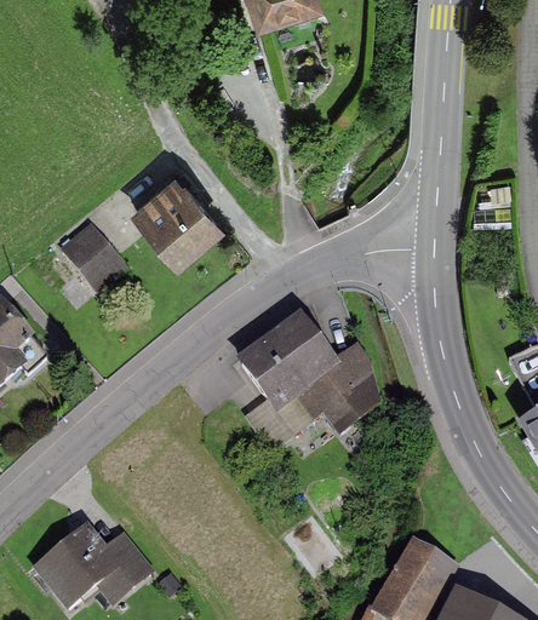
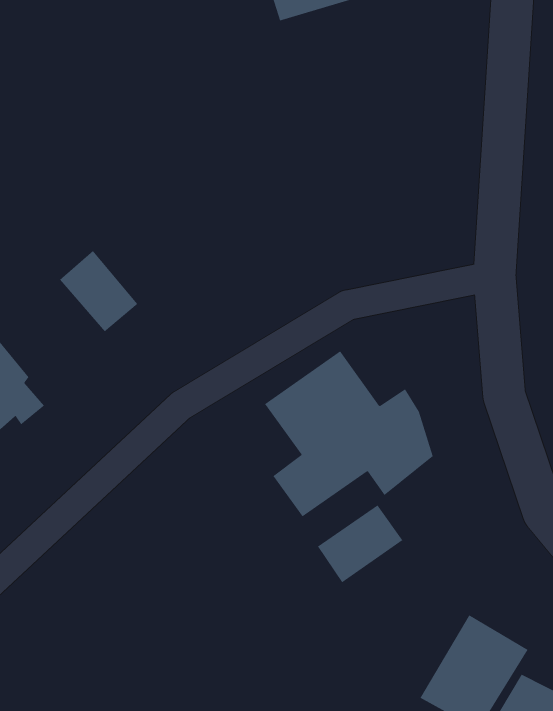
building: [132,183,224,274] -> none
building: none -> [317,505,403,583]
building: [30,518,155,609] -> none

